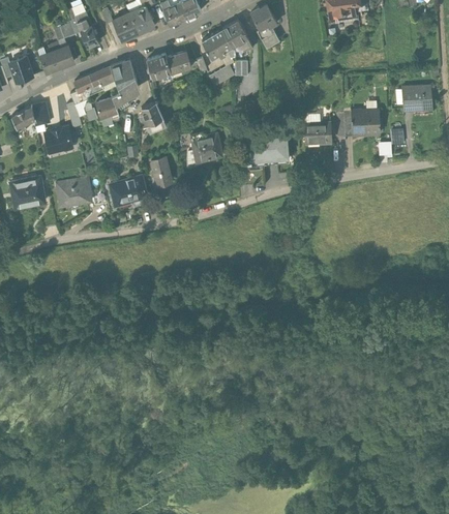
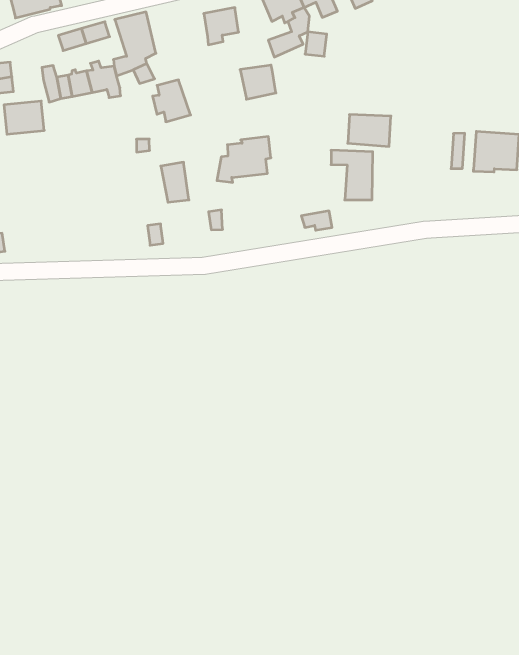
building: [146,55,171,79] -> [240,65,276,99]
building: [303,124,331,145] -> [348,115,391,146]
building: [110,174,147,200] -> none
building: [56,176,91,207] -> none

